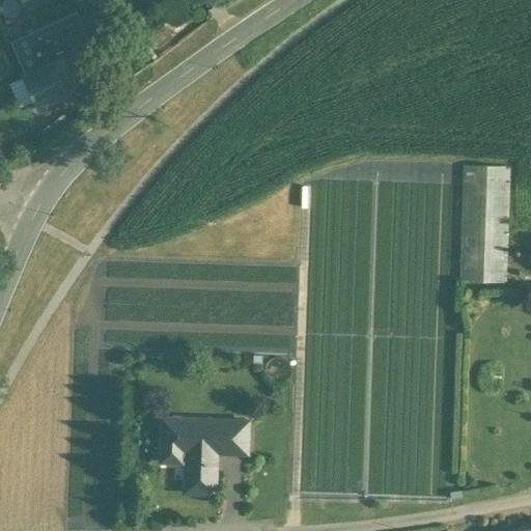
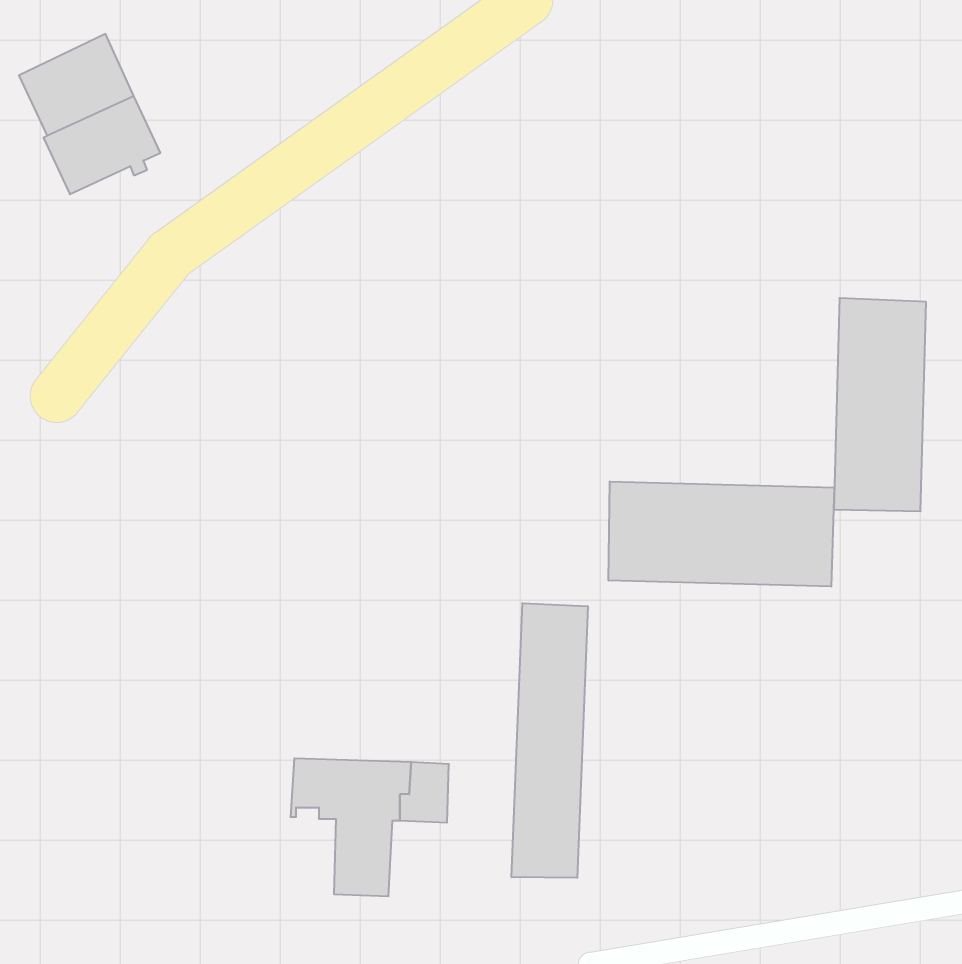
building: none -> [609,481,834,587]
building: none -> [512,603,588,878]

